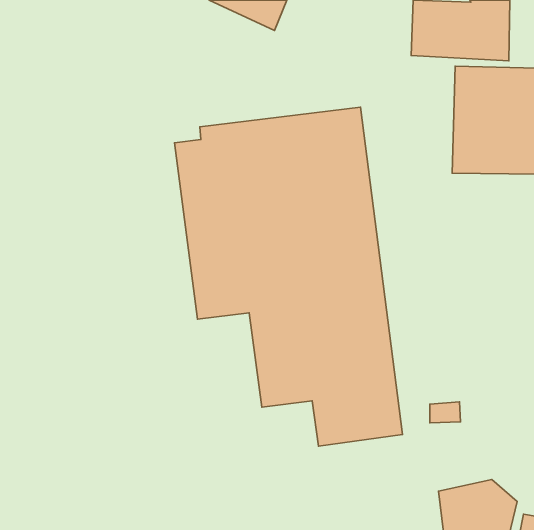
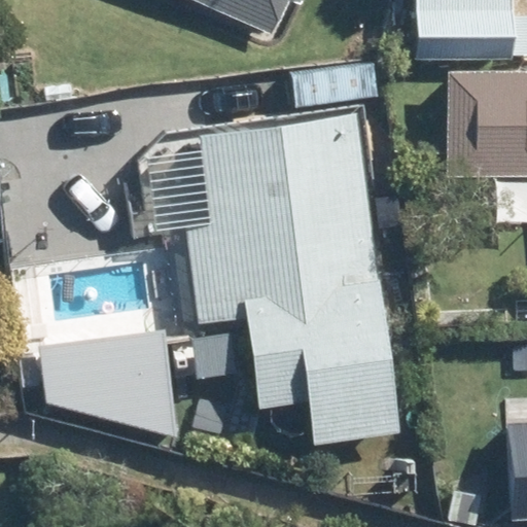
building: none -> [37,277,183,443]

